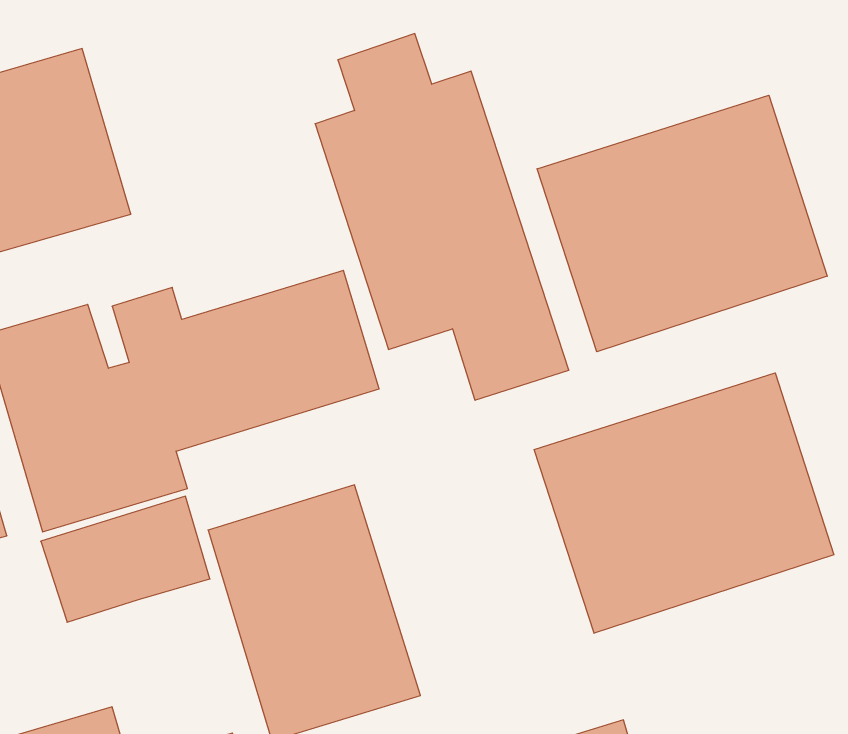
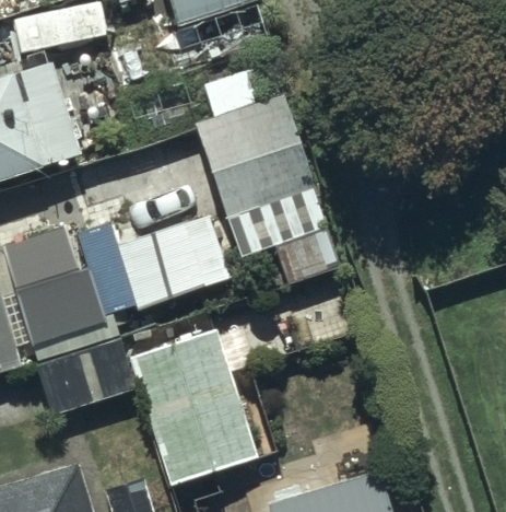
building: [537,95,827,352] -> none
building: [534,373,834,633] -> none

